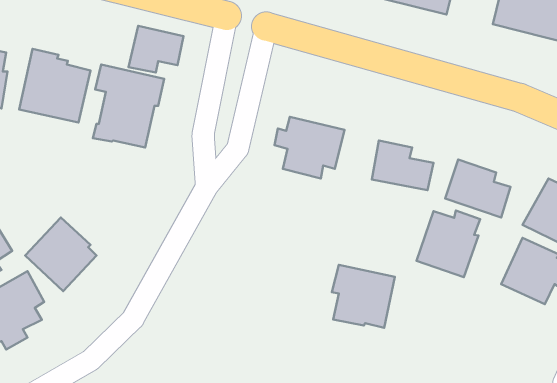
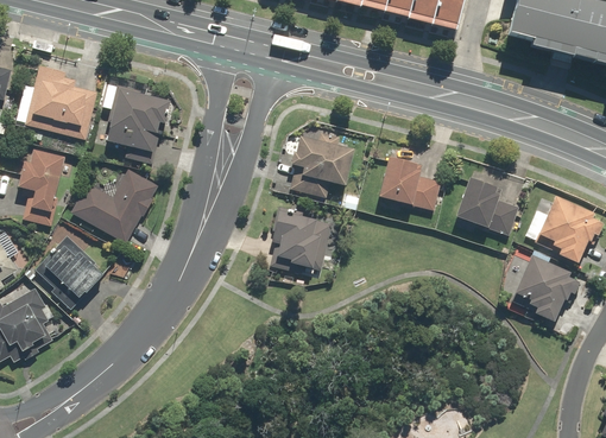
building: [128,26,183,72] -> none
building: none -> [18,147,65,221]
building: none -> [72,166,158,240]
building: [416,211,480,277] -> none
building: [332,265,395,328] -> [270,209,333,272]

